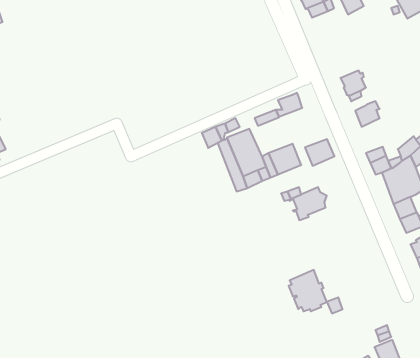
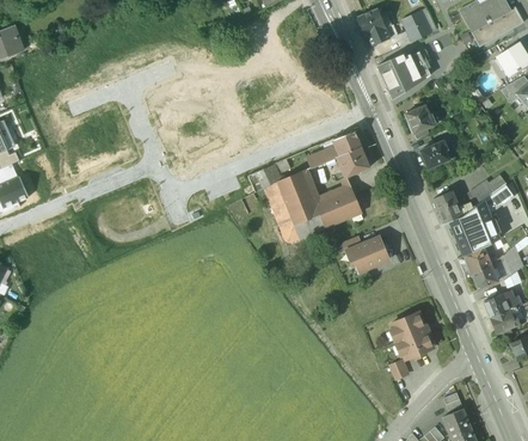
building: none -> [376,50,430,98]
building: [305,139,335,166] -> [336,146,369,176]
building: [289,270,327,311] -> [388,311,431,357]

